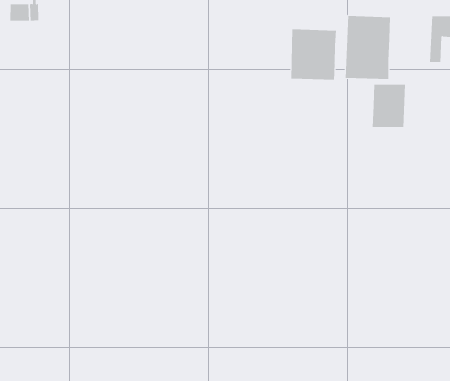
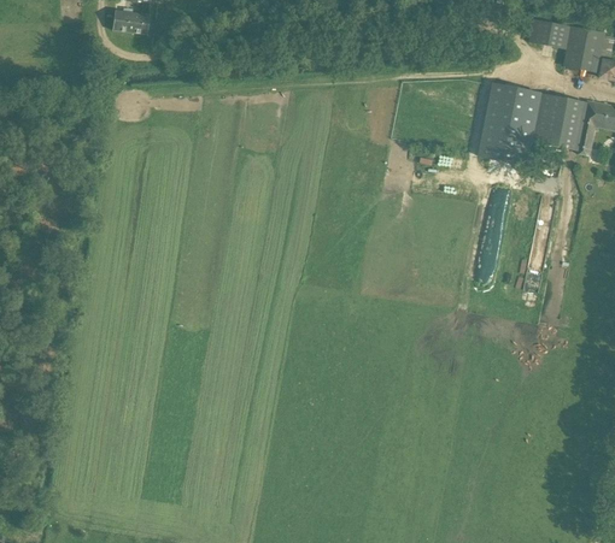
building: [291,29,337,81] -> none
building: [372,84,406,127] -> [532,93,578,147]

